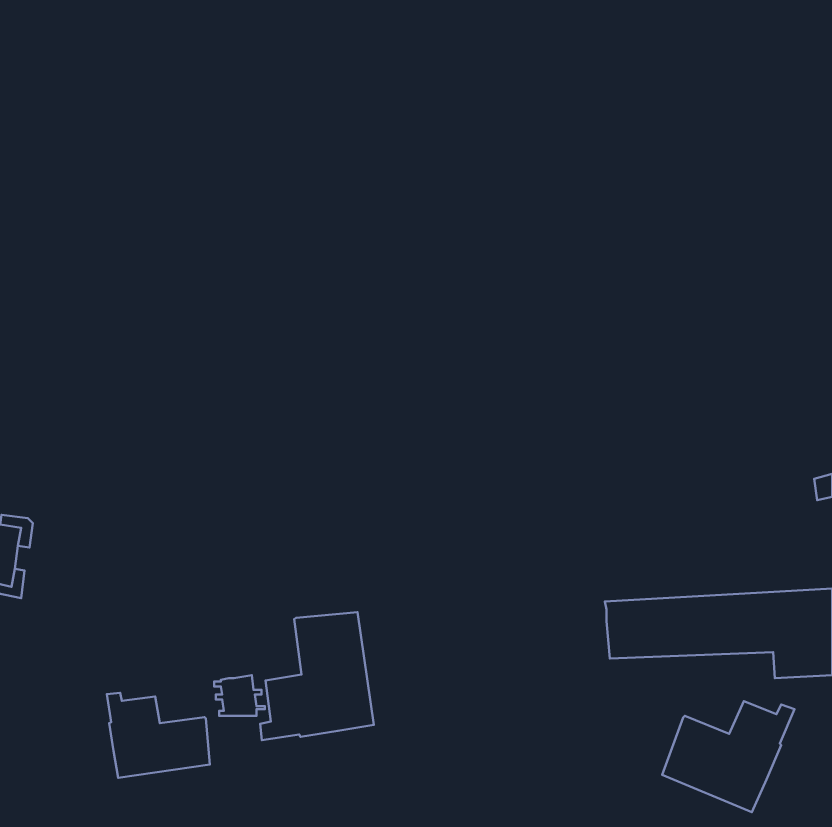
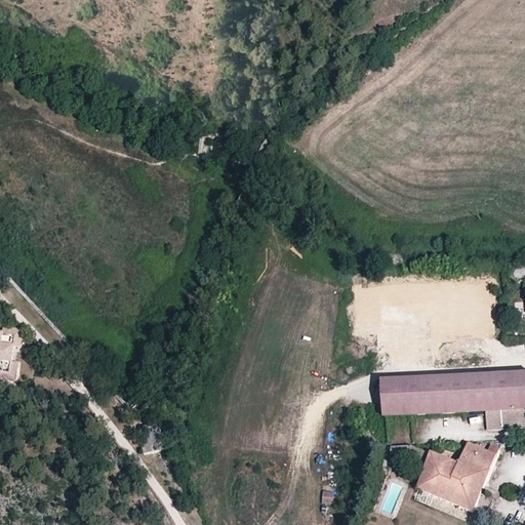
building: [260,612,374,740] -> none
building: [107,693,210,778] -> none

